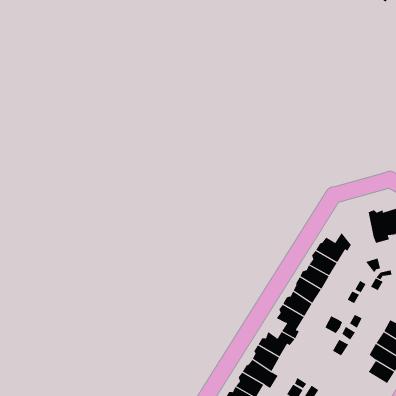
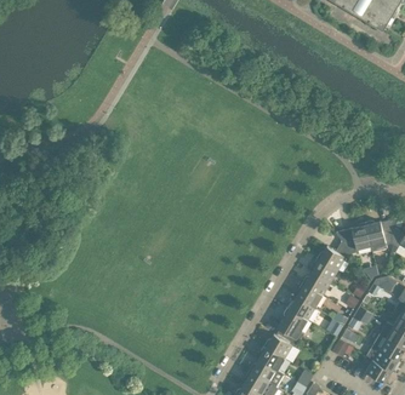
building: none -> [336,223,371,253]

